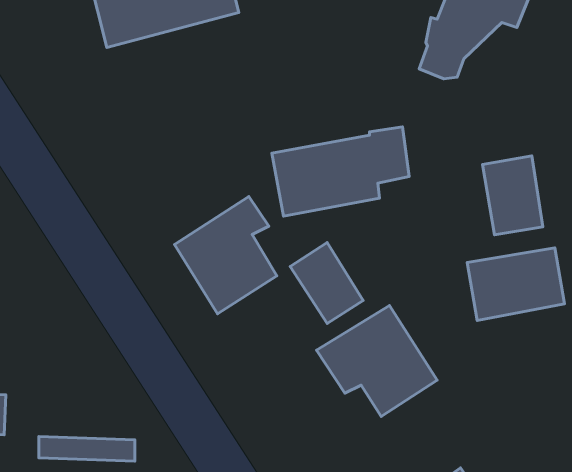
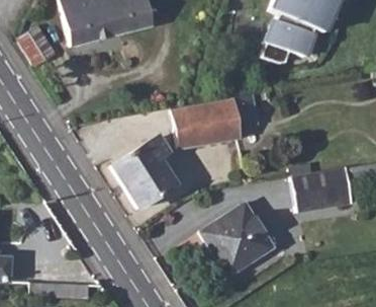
building: [482,156,543,235] -> none
building: [290,242,363,323] -> none

